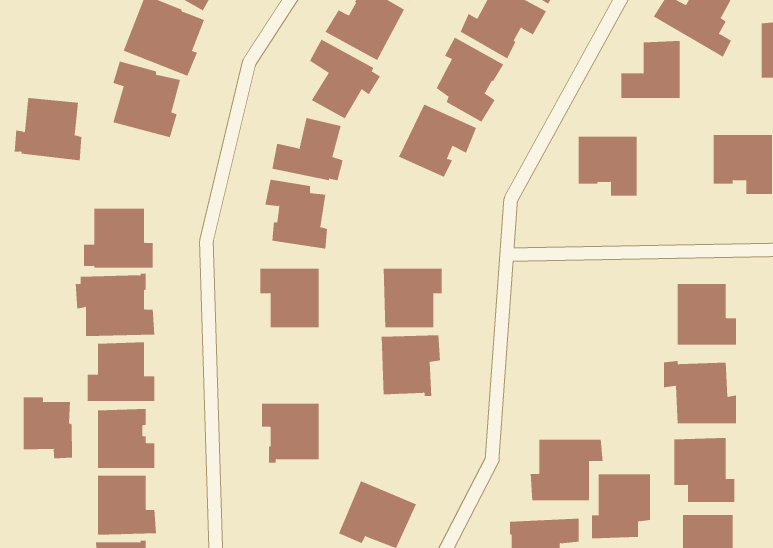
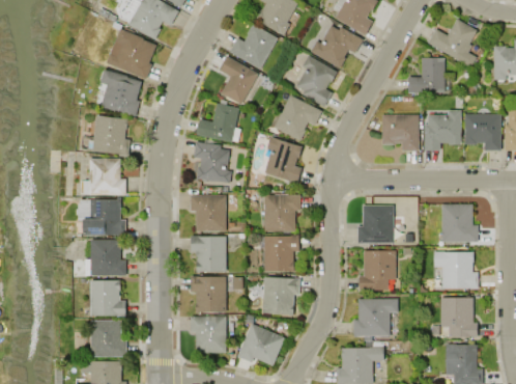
building: [14,97,82,161] -> [88,116,130,155]
building: none -> [425,111,461,152]
building: none -> [258,137,303,184]
building: none -> [357,205,394,244]
building: none -> [192,236,226,272]
building: [23,396,72,459] -> none
building: none -> [262,276,300,317]
building: none -> [191,317,226,353]
building: [591,474,651,539] -> [360,251,396,291]

